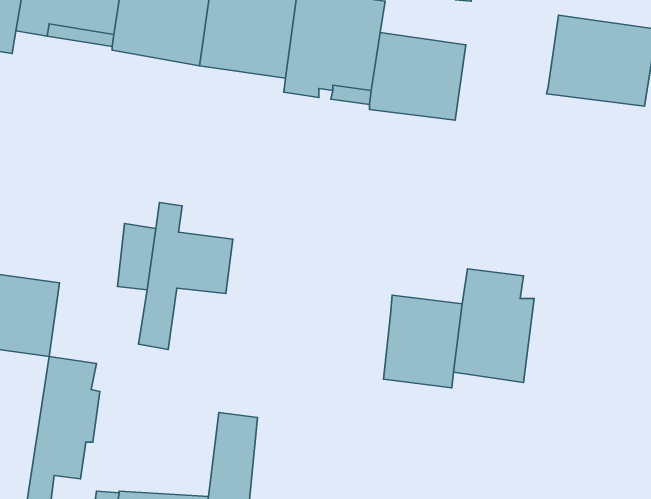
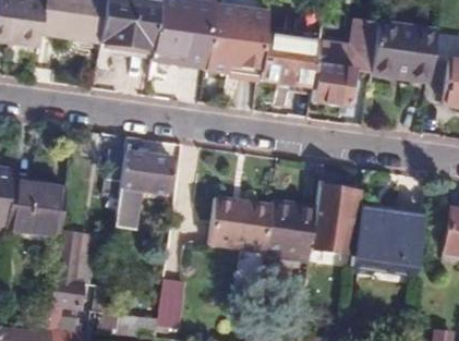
building: none -> [311,36,374,106]
building: none -> [353,198,427,271]
building: none -> [210,200,273,254]

